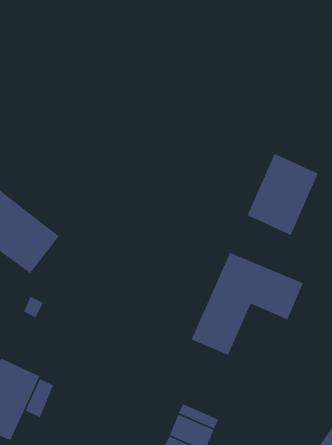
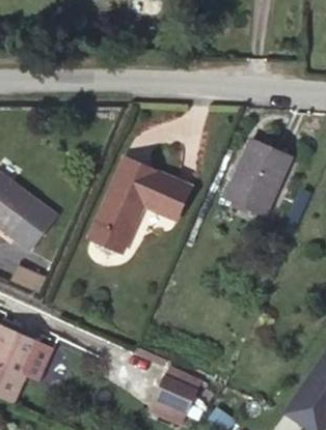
building: [191,252,304,356] -> [88,159,191,253]

